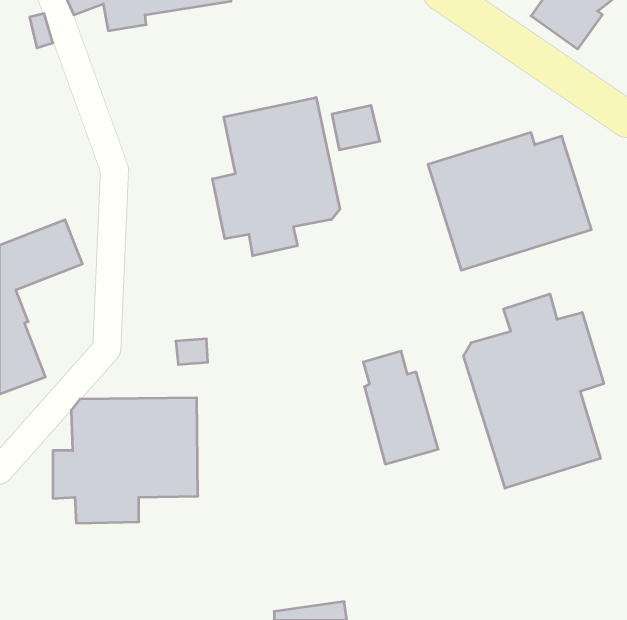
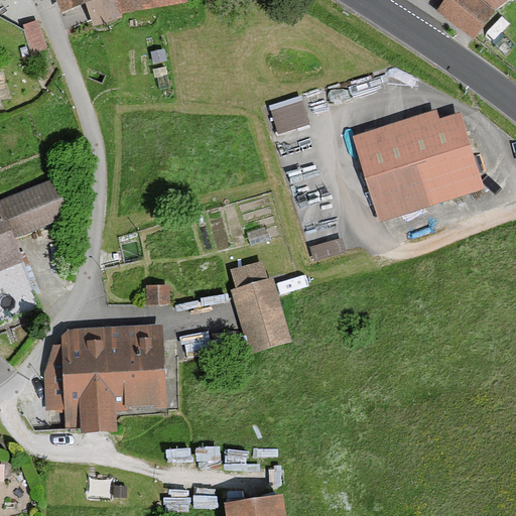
building: [212,97,340,256] -> none
building: [464,294,604,488] -> none
building: [363,351,438,464] -> [229,260,290,353]

